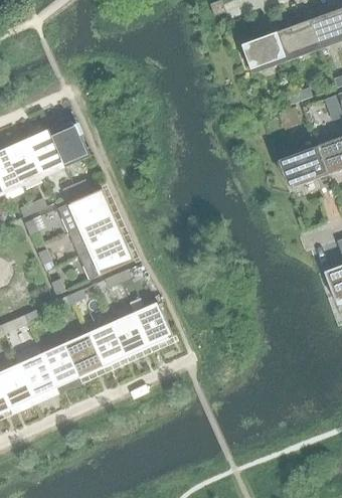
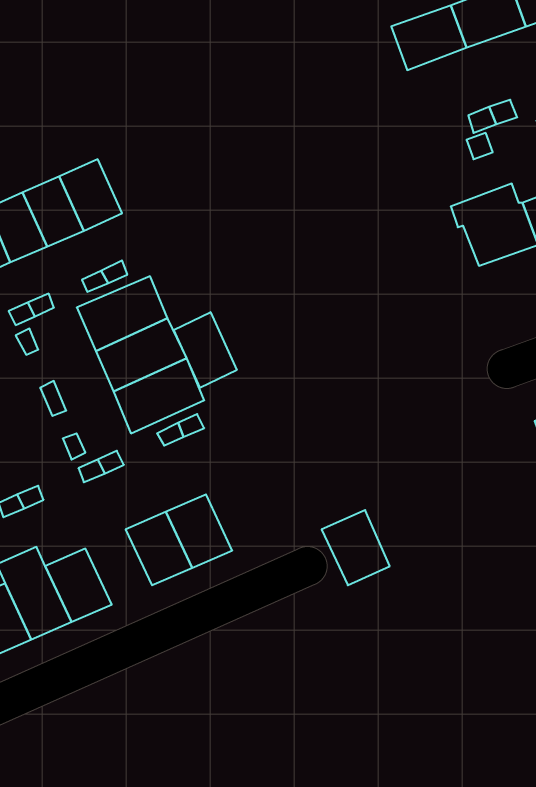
building: none -> [174,312,237,388]
building: [133,305,172,348] -> [322,510,390,585]
building: [63,336,102,379] -> none

